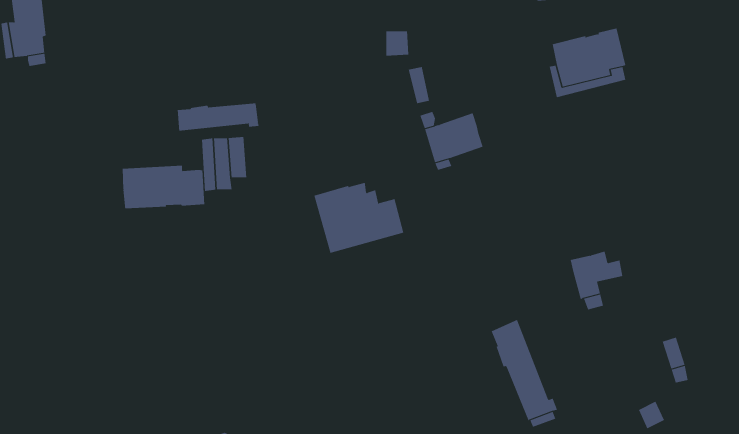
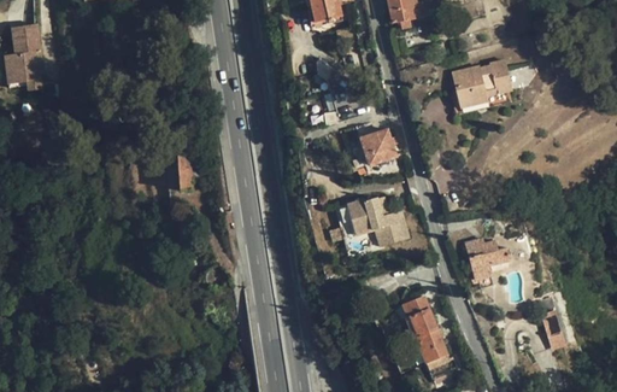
building: [177,102,259,132] -> none
building: [122,165,205,209] -> none
building: [313,182,404,253] -> [335,197,409,254]

